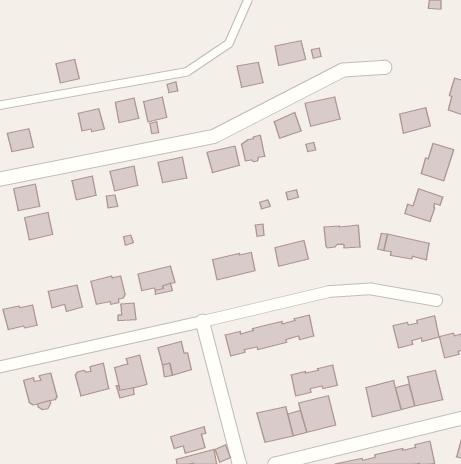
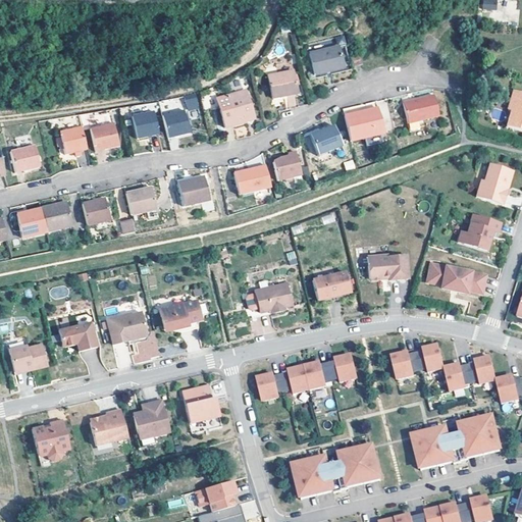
building: [56,59,79,83] -> [61,126,88,153]
building: none -> [218,89,256,125]
building: [400,108,430,133] -> [405,95,439,123]
building: [25,213,53,240] -> [43,201,74,231]
building: [291,365,337,396] -> [393,344,445,378]

